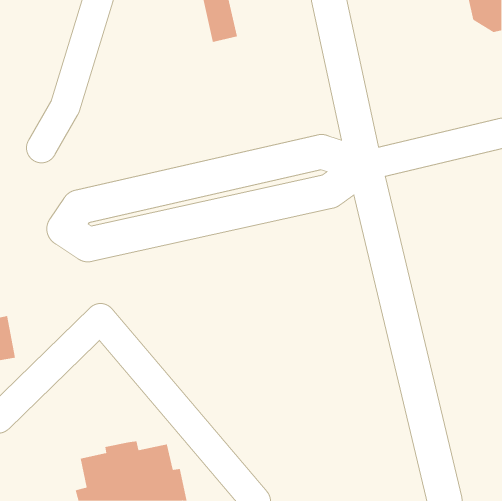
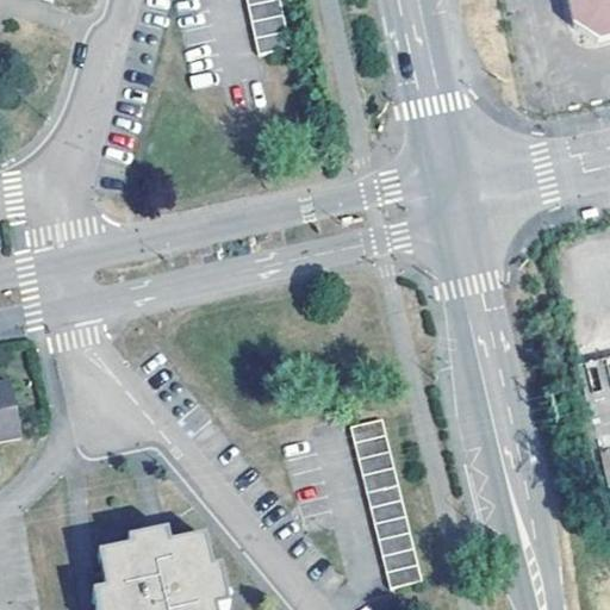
building: none -> [349,418,425,587]

